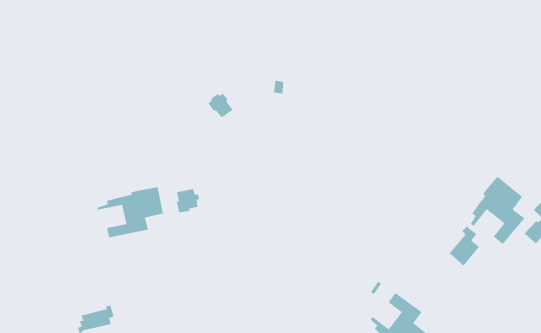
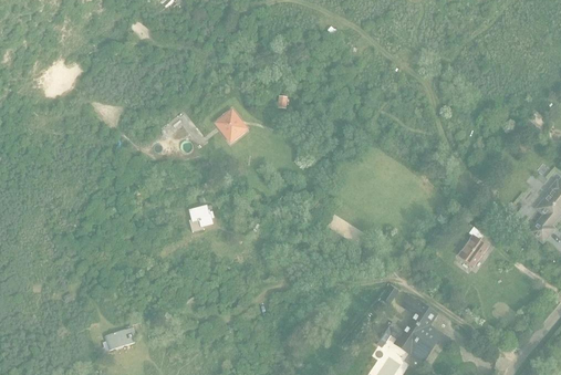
building: [470,176,525,245] -> none
building: [97,186,163,238] -> none

